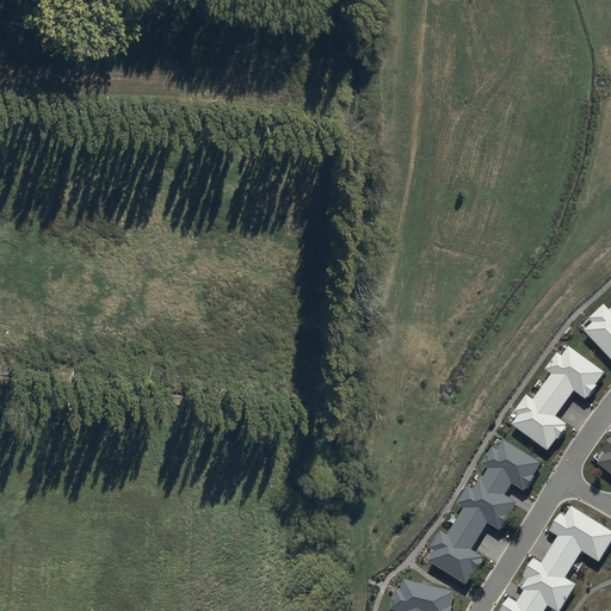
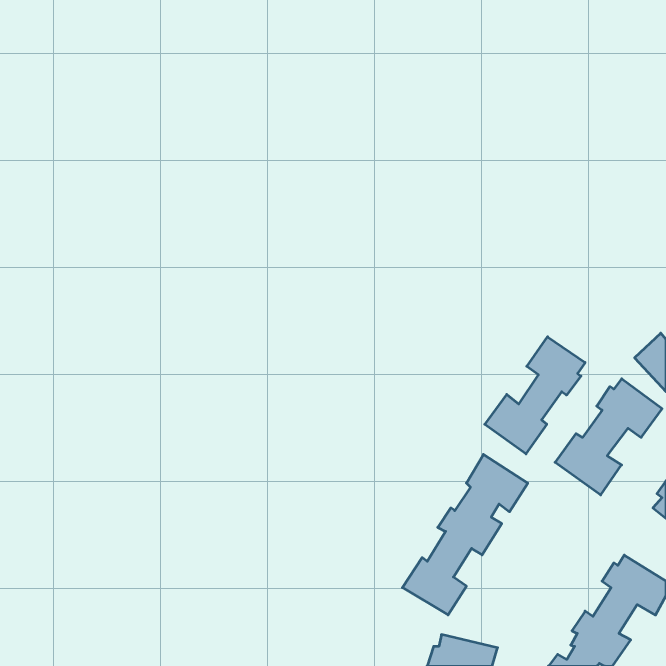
building: none -> [485,337,585,454]
building: [425,438,539,585] -> [402,454,528,615]

